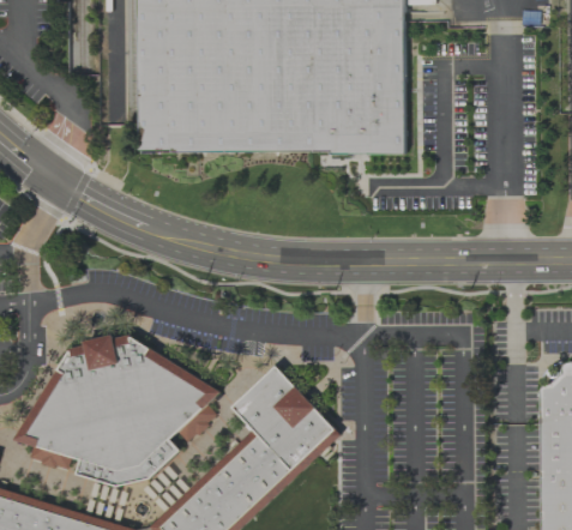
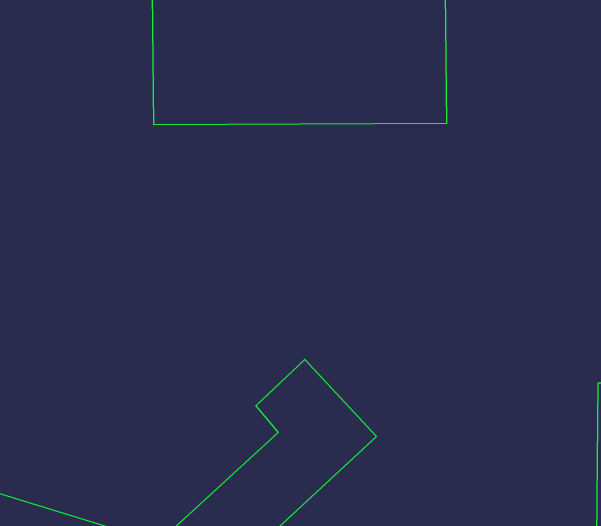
building: [14,335,222,487] -> none

